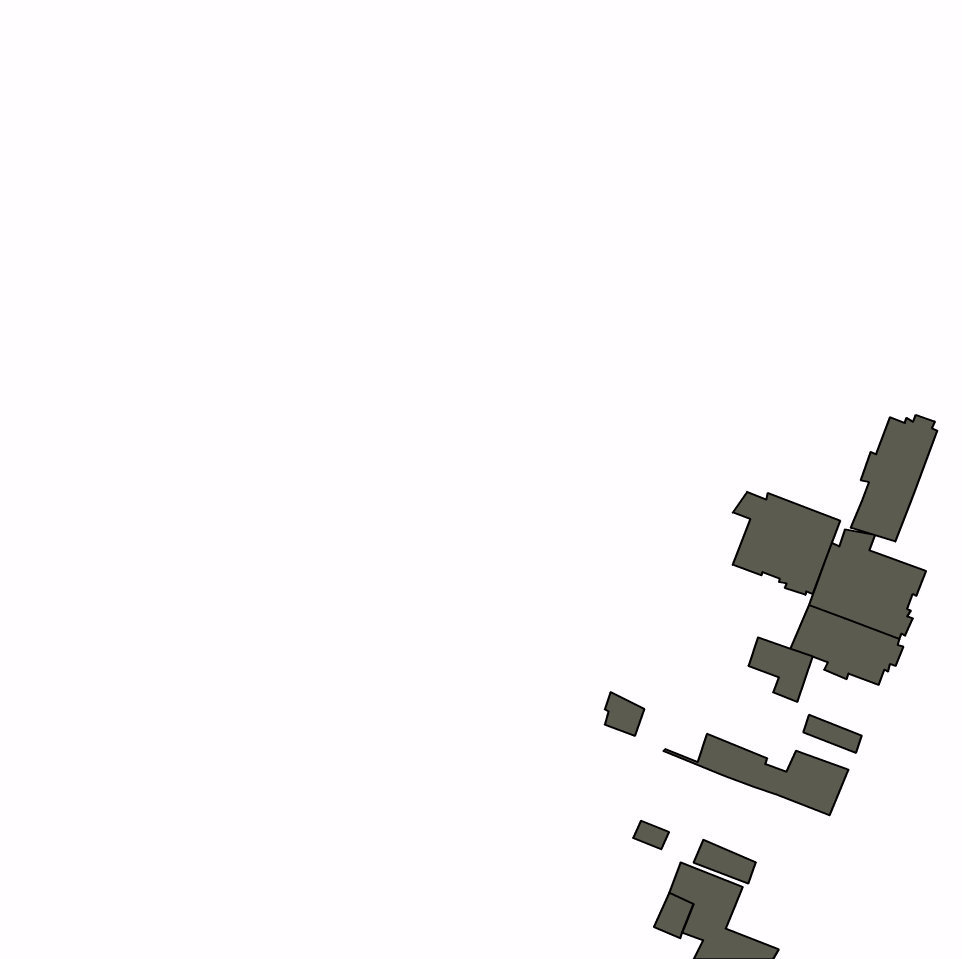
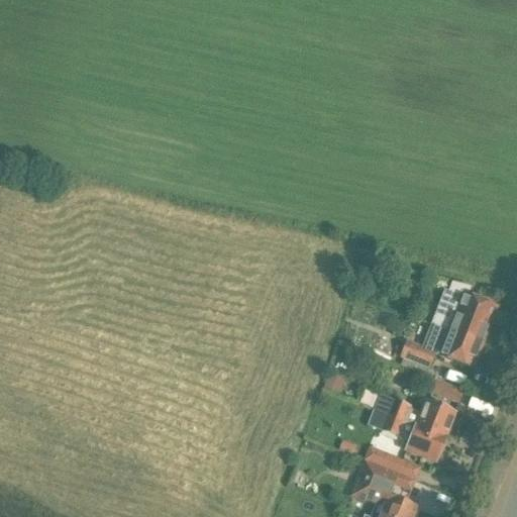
building: [851,415,937,542] -> none
building: [733,492,840,595] -> none
building: none -> [383,414,445,459]

